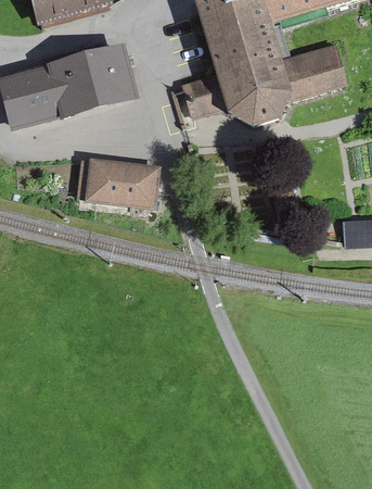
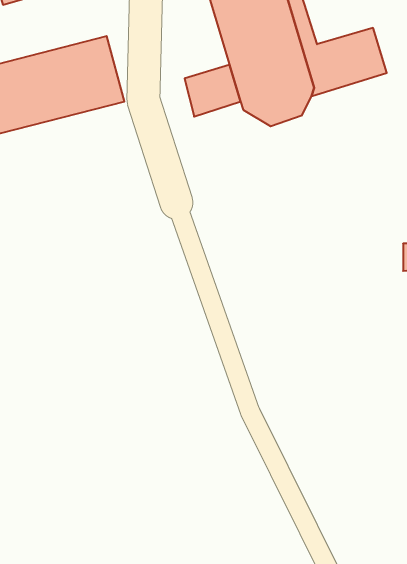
building: [77,156,158,212] -> none

